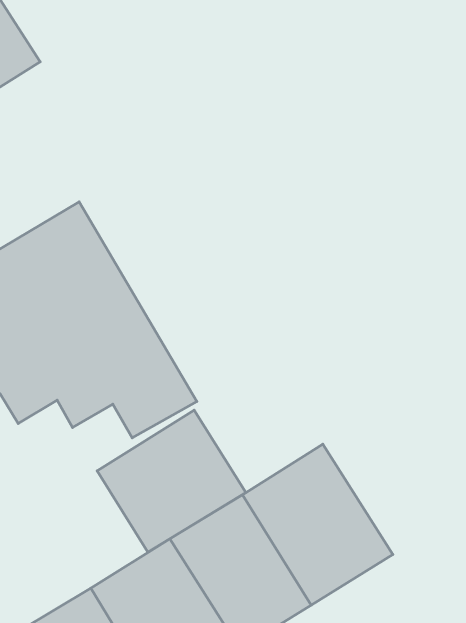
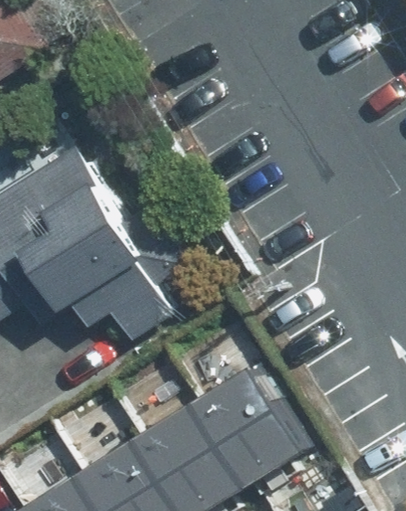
building: [97,410,246,552] -> none

